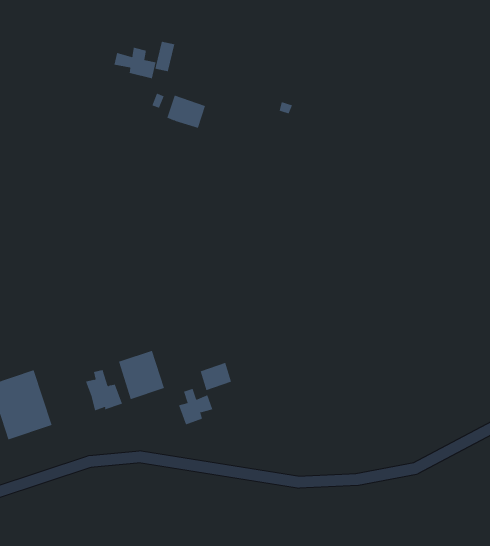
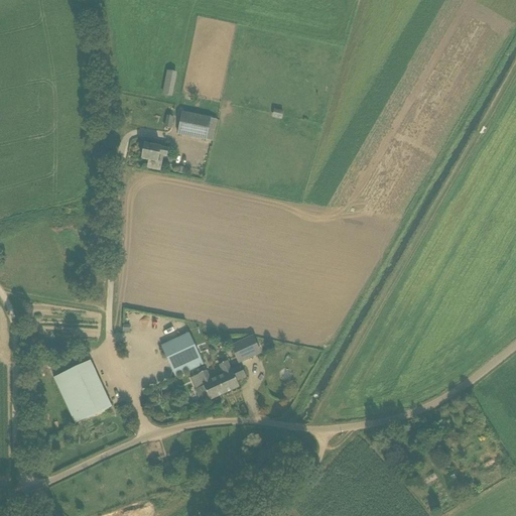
building: [114,47,156,79] -> none
building: none -> [141,142,166,168]
building: [85,369,123,411] -> [189,364,224,400]

